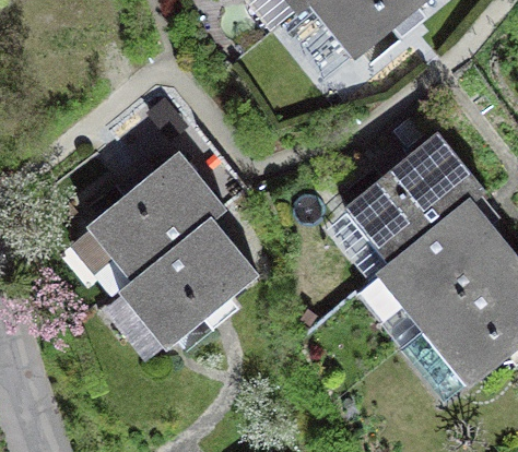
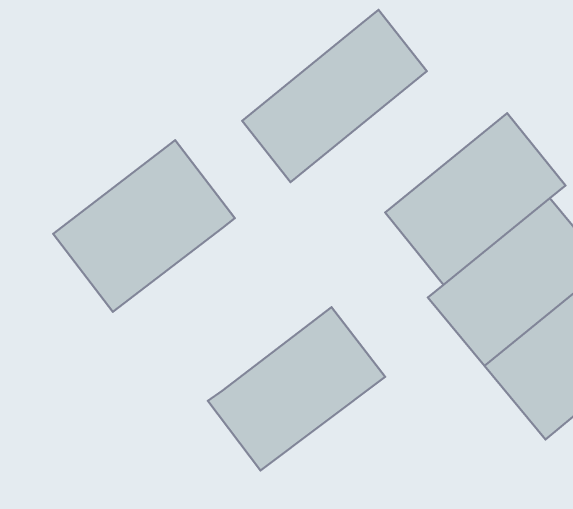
building: none -> [242,10,427,182]
building: [121,223,258,348] -> [208,307,385,470]

